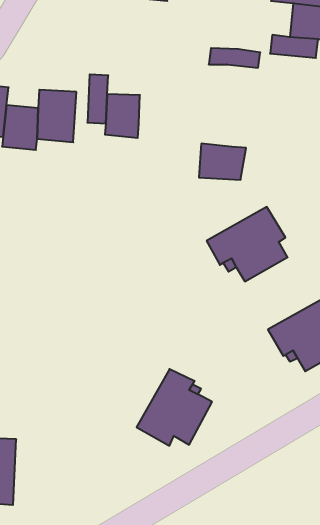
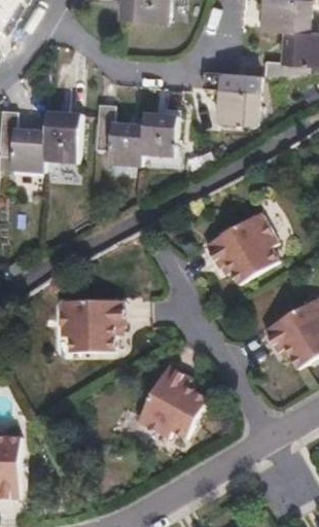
building: none -> [139,99,174,139]
building: [199,144,246,180] -> [220,81,264,115]
building: none -> [58,298,123,351]

